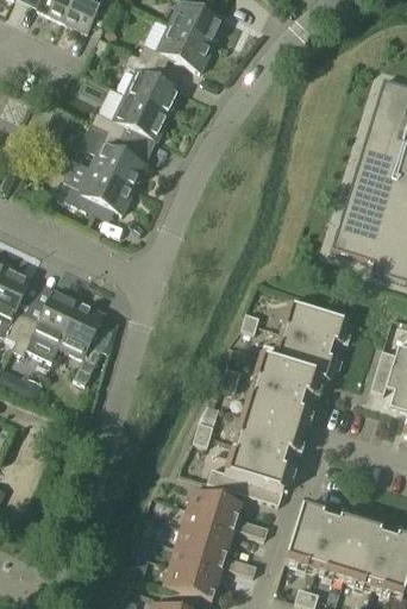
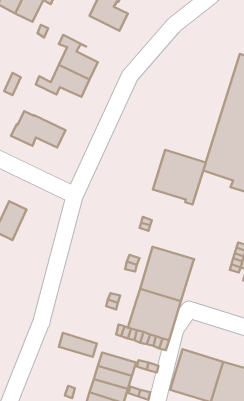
building: [131,24,212,70] -> none
building: [80,123,145,188] -> none
building: [58,302,105,384] -> none
building: [271,302,347,381] -> [153,150,206,205]
building: [187,488,242,522] -> [59,333,97,357]

